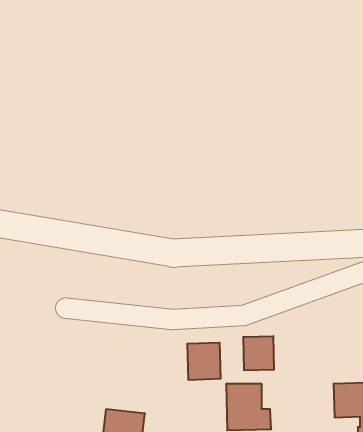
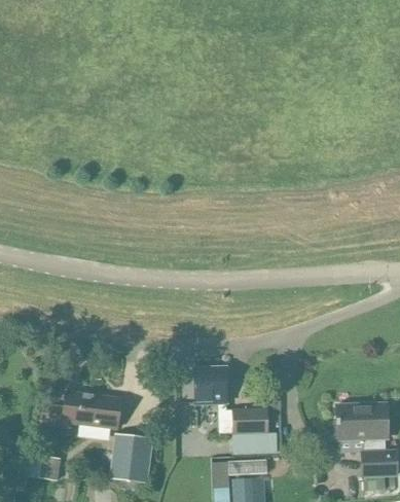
building: [243,336,274,370] -> none
building: none -> [41,390,120,428]

